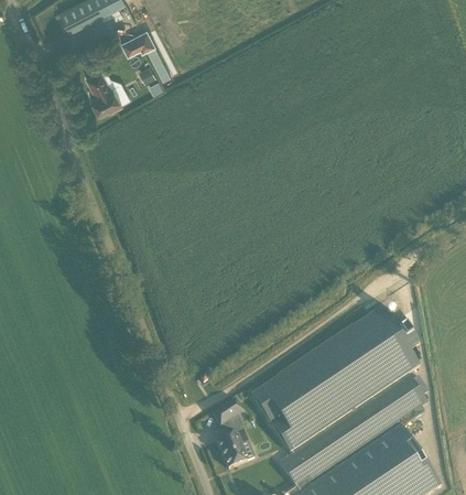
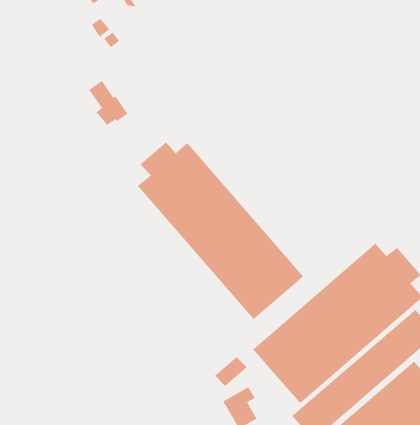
building: [85,69,120,114] -> [88,80,129,126]
building: none -> [137,142,304,320]

